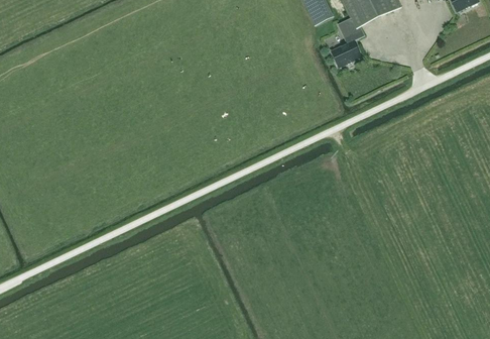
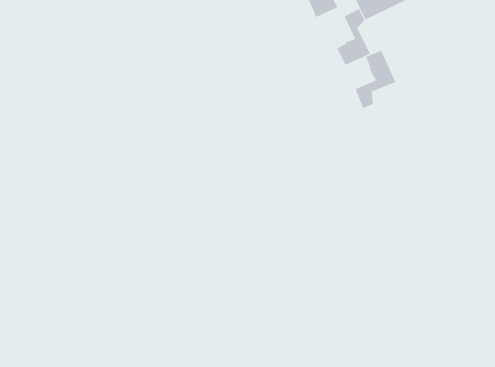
building: none -> [355,50,396,109]

